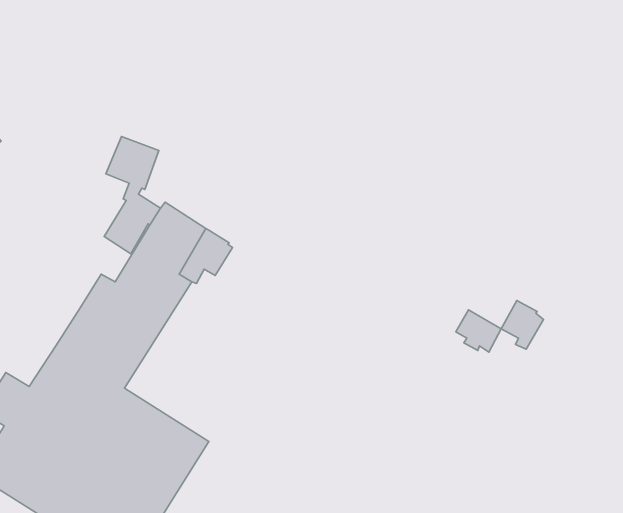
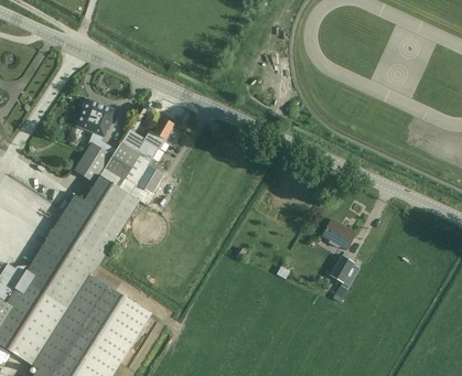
building: none -> [118,117,182,164]
building: [501,301,544,349] -> [330,256,359,290]

